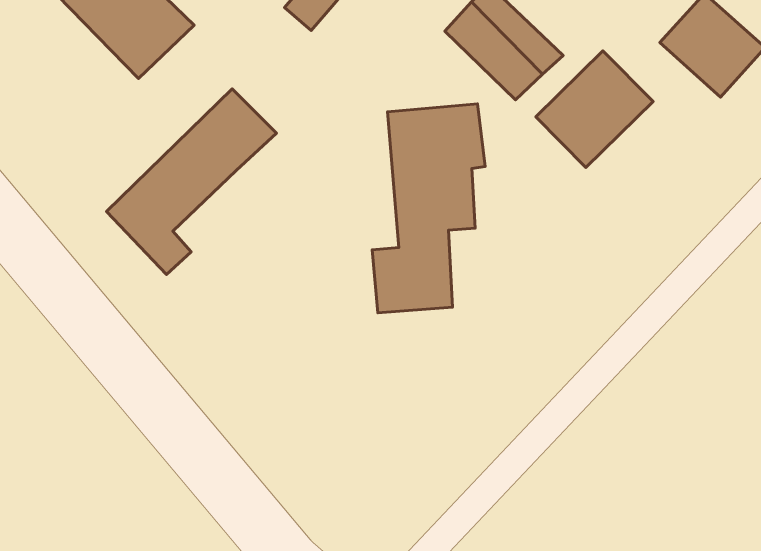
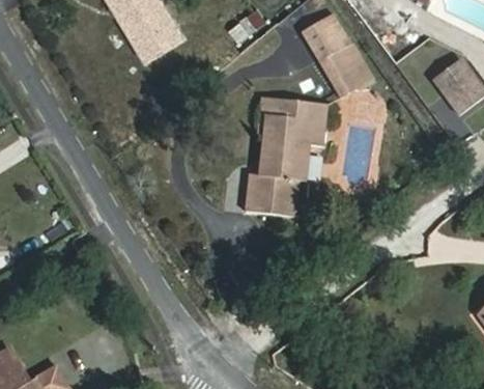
building: [536,51,653,168] -> none
building: [106,89,277,275] -> none

